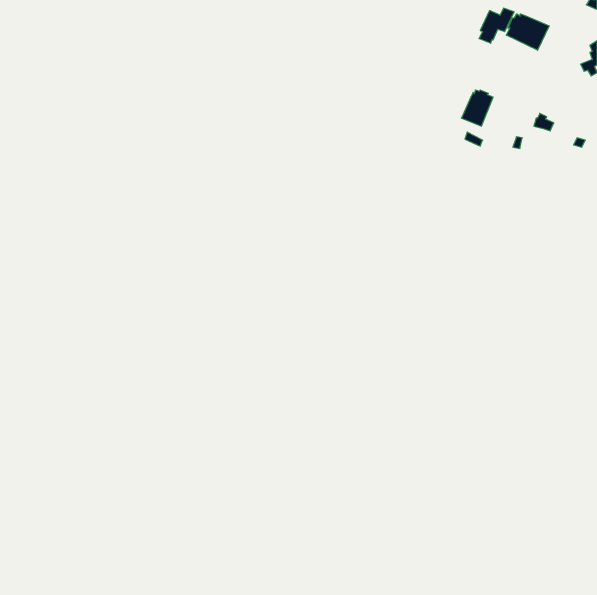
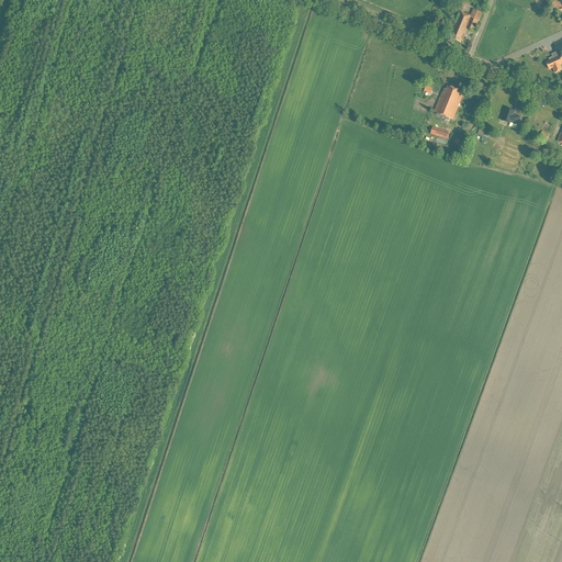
building: [506,14,549,50] -> none

